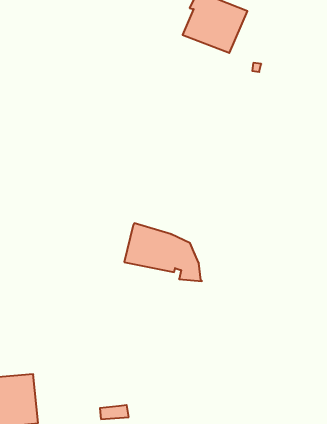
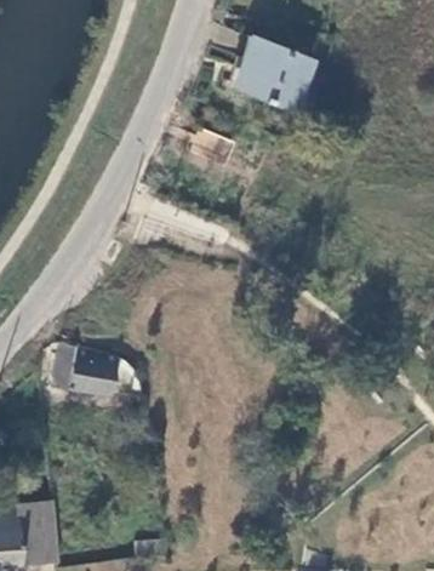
building: [124,223,202,281] -> [50,338,144,409]

